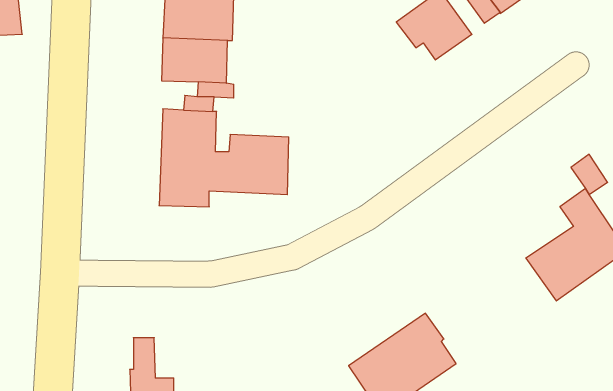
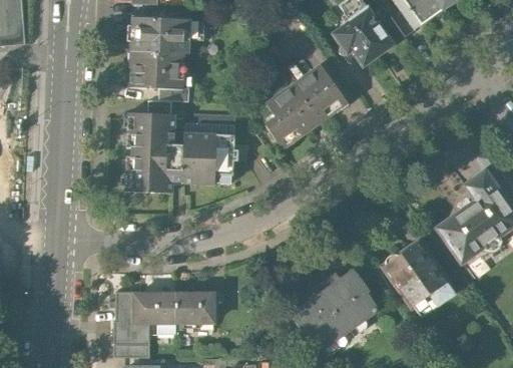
building: none -> [262,64,345,146]
building: none -> [383,243,446,309]
building: none -> [131,291,210,325]

